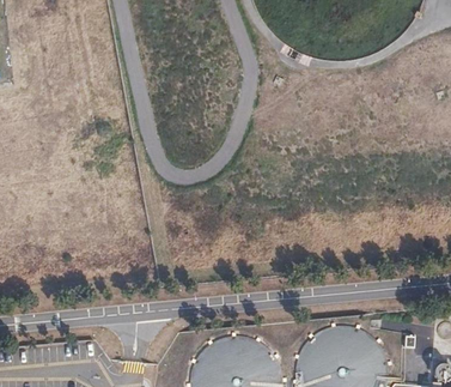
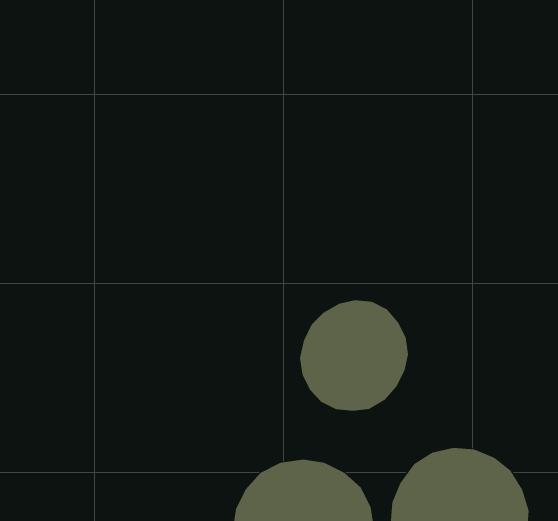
building: none -> [299,300,409,412]

